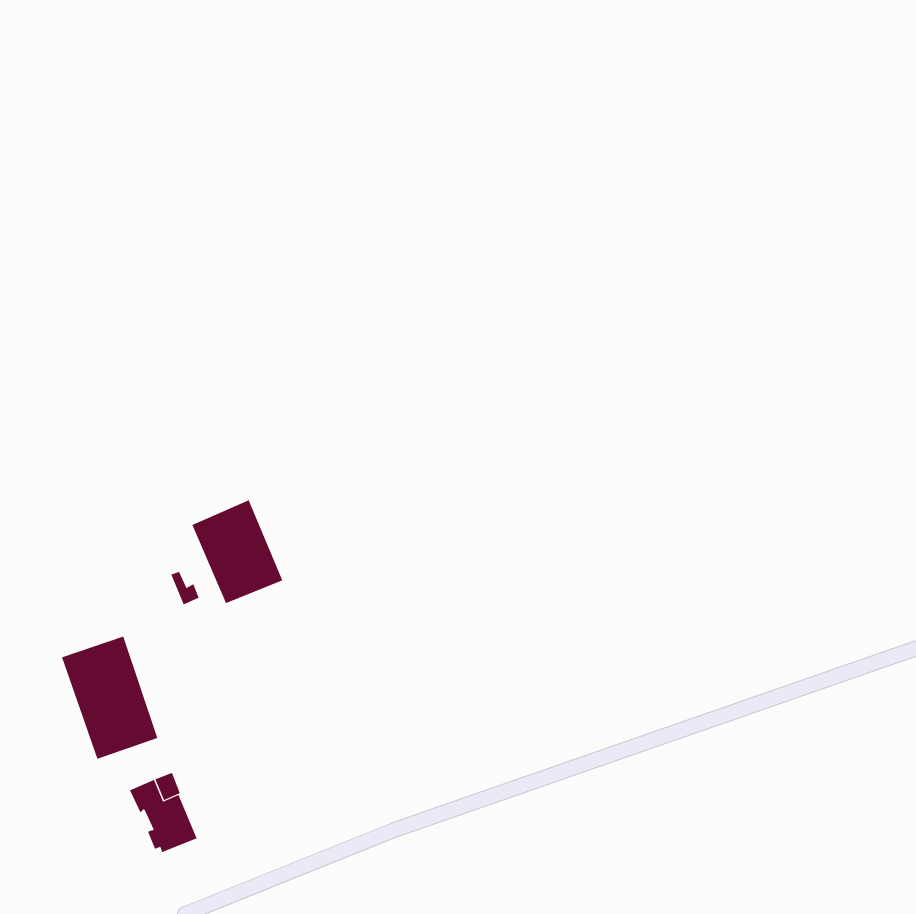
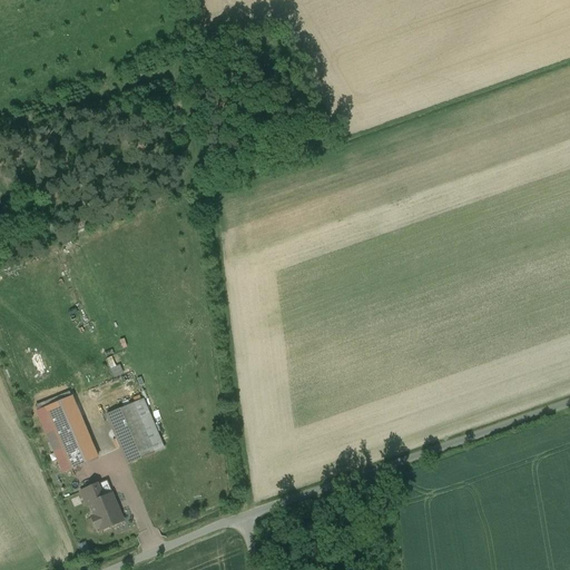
building: [192,500,283,604] -> [106,397,163,462]

